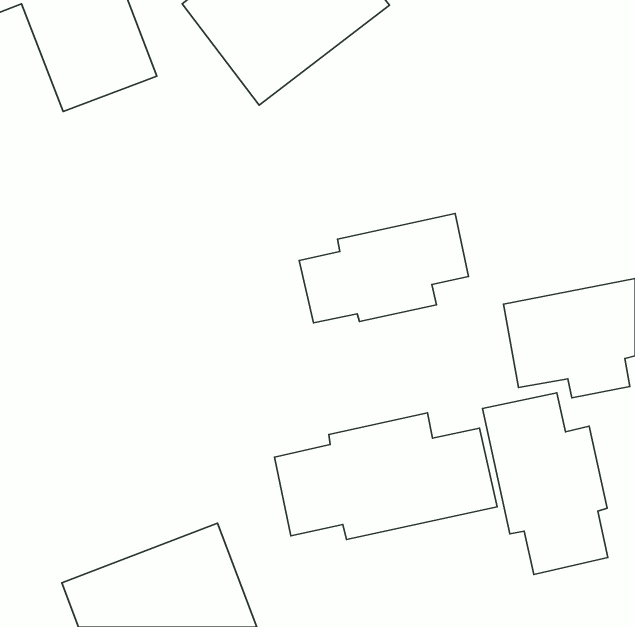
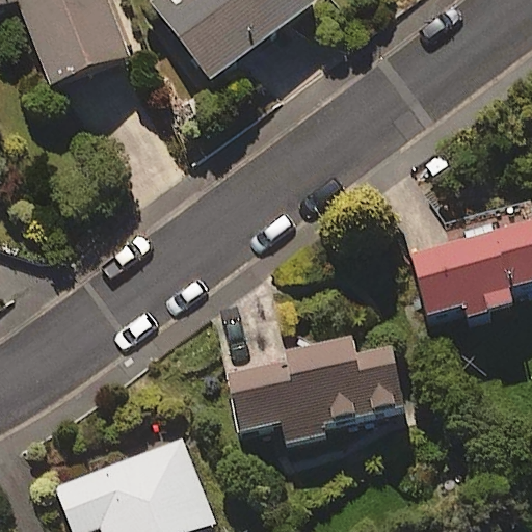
building: [299,214,468,323] -> none
building: [482,393,608,574] -> none

